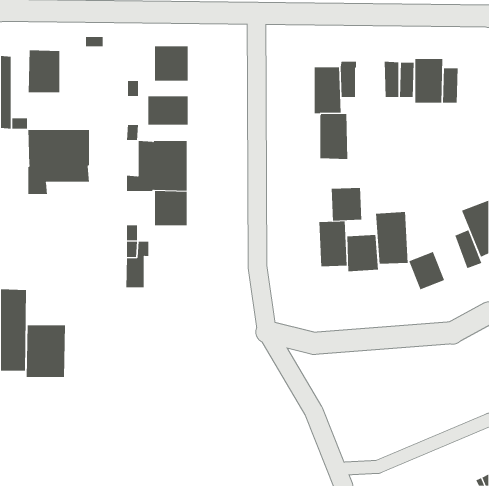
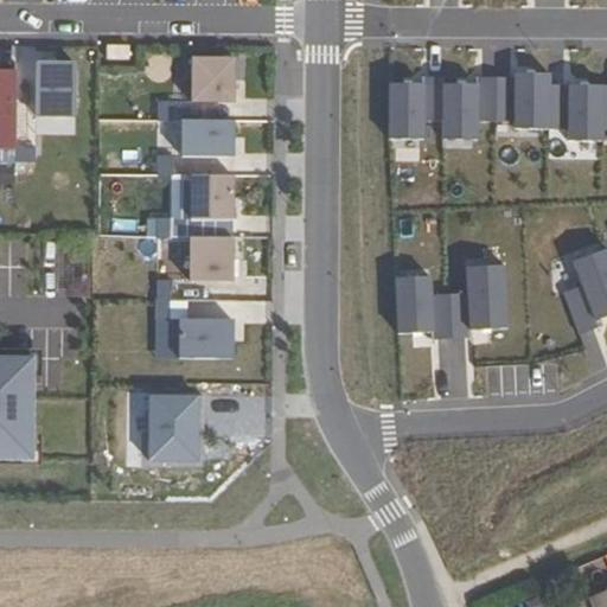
building: none -> [567,84,601,140]
building: [319,114,348,160] -> [441,83,477,140]
building: [28,129,89,195] -> none
building: [331,187,362,221] -> none
building: [408,251,445,290] -> none
building: none -> [179,318,232,357]
building: [26,325,66,378] -> [148,394,198,459]

